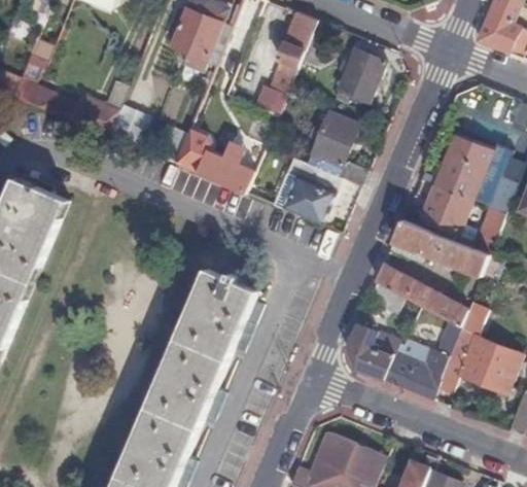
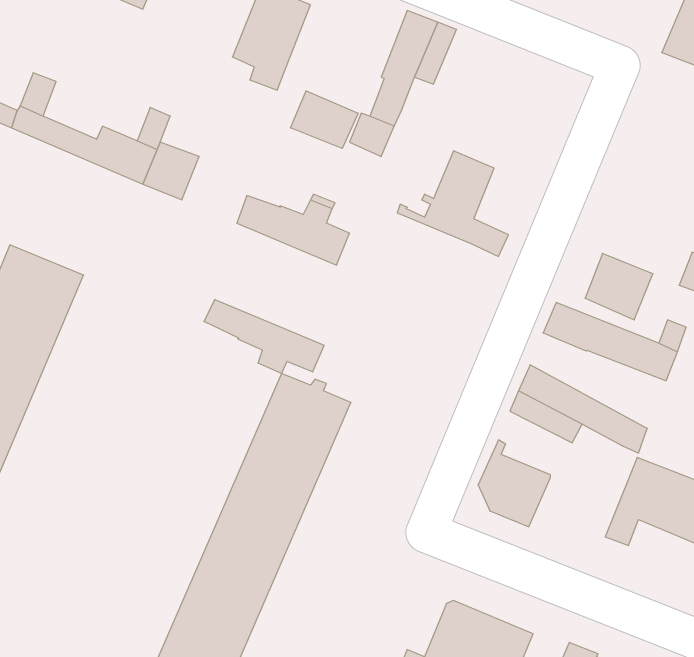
building: [333,47,385,102] -> none
building: none -> [290,91,358,148]
building: [435,135,491,199] -> none
building: [282,158,342,223] -> none
building: none -> [204,299,324,373]
building: [383,321,461,398] -> none

